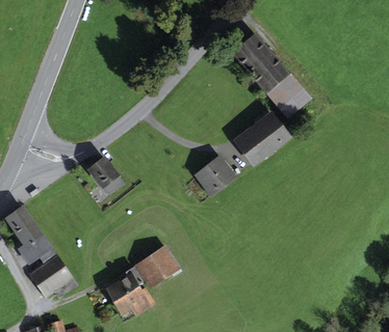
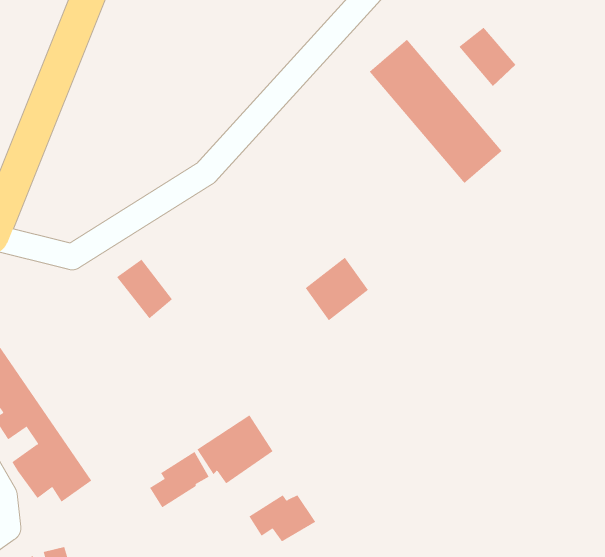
building: none -> [459,27,516,87]
building: [238,115,289,162] -> none
building: [116,286,155,313] -> [248,494,316,542]

